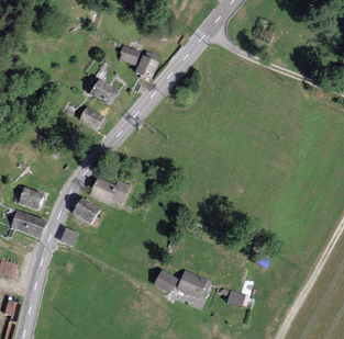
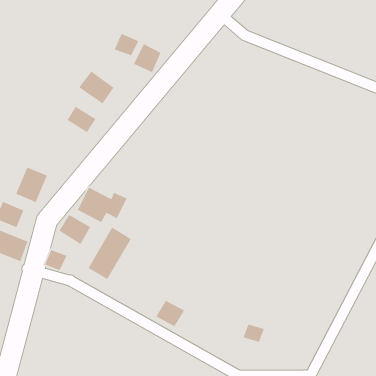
building: none -> [15,166,48,203]
building: none -> [88,227,132,280]
building: [178,270,208,297] -> none

